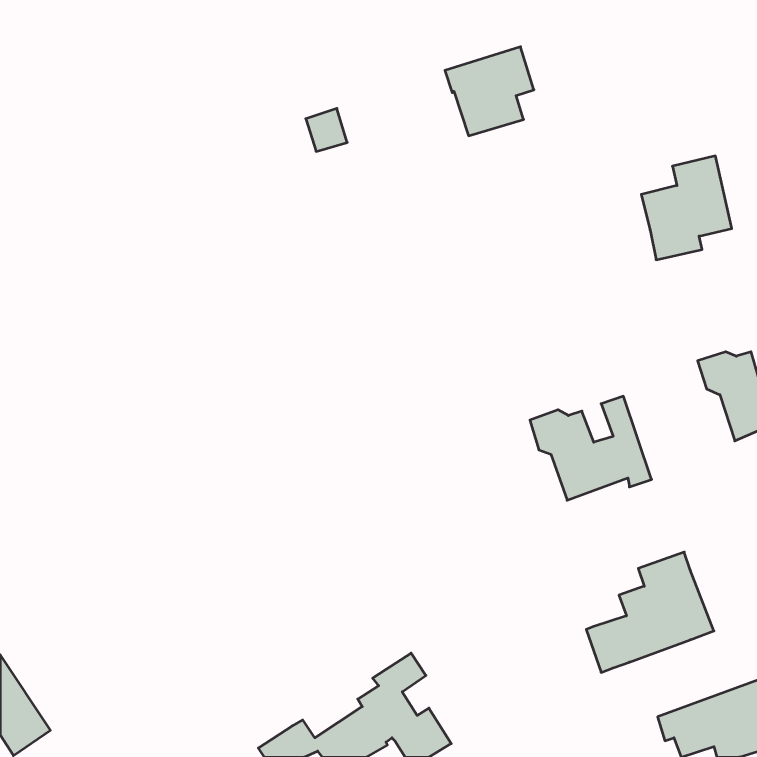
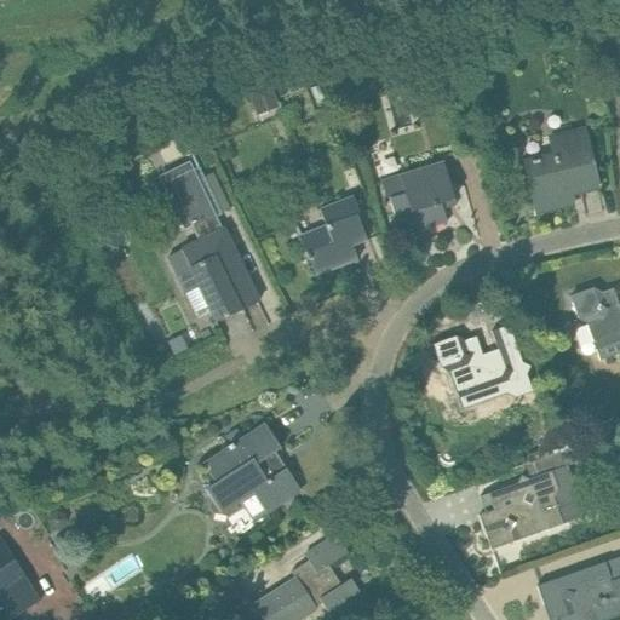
building: [445,47,534,136] -> [383,162,455,235]
building: none -> [160,161,259,321]
building: none -> [293,194,367,275]
building: none -> [203,421,302,513]

